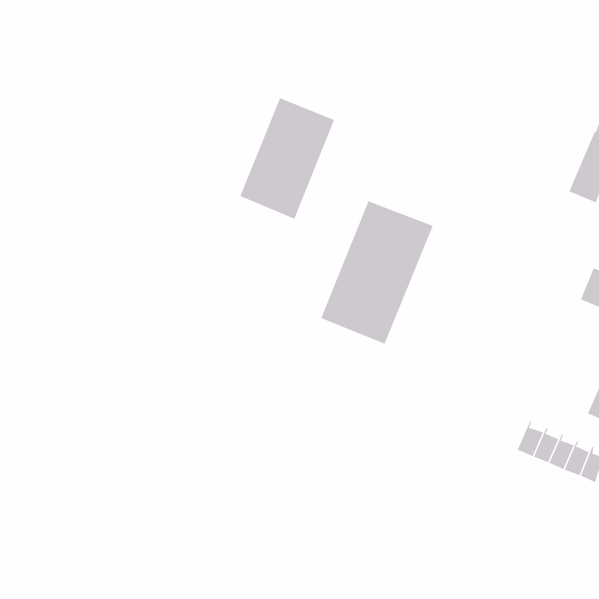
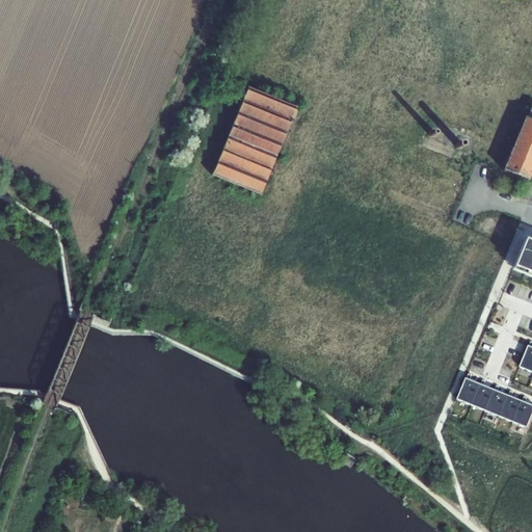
building: [320,201,433,345] -> none

